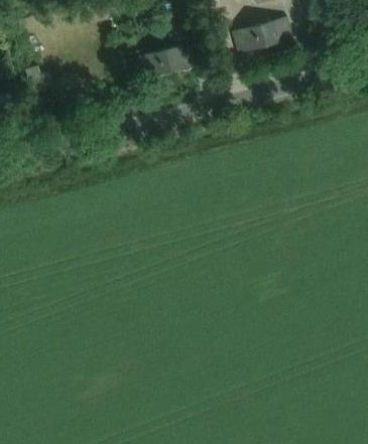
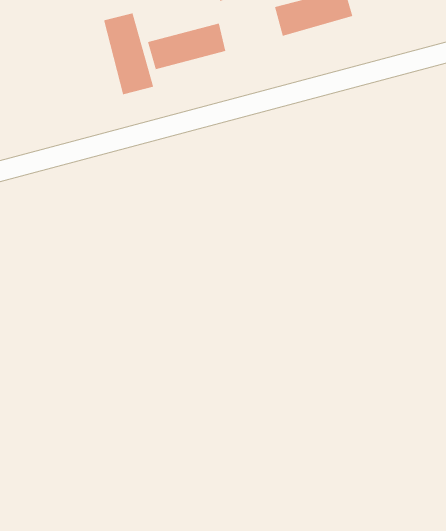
building: none -> [103,12,154,95]

